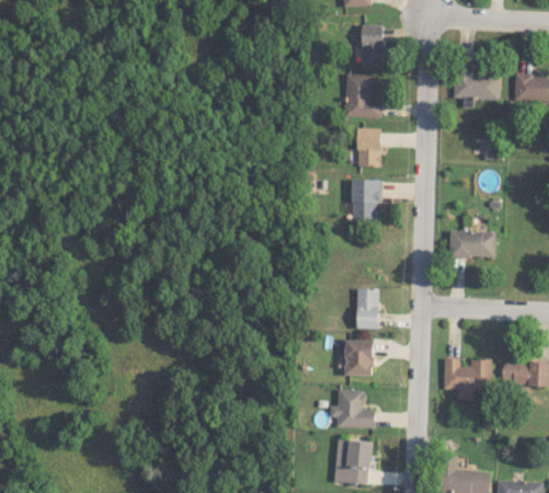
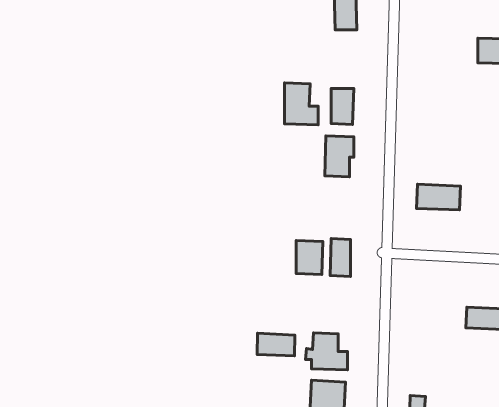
building: [454,71,500,100] -> none
building: [345,73,381,118] -> [284,83,318,125]
building: [345,340,374,376] -> [296,240,323,274]
building: [443,358,491,400] -> none
building: none -> [257,333,295,356]

